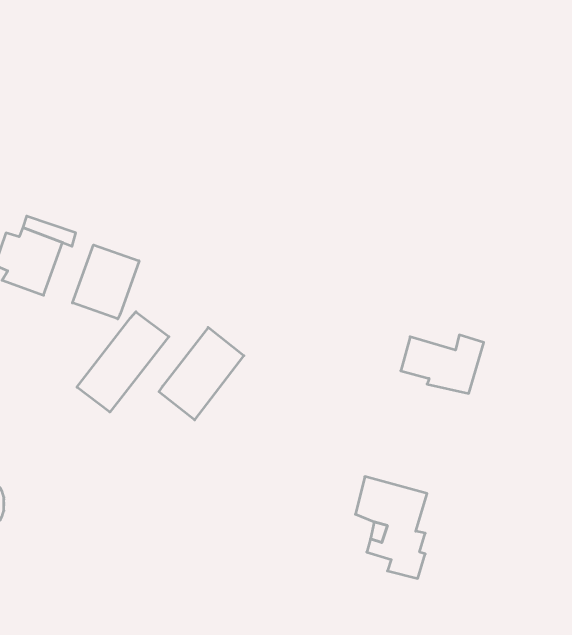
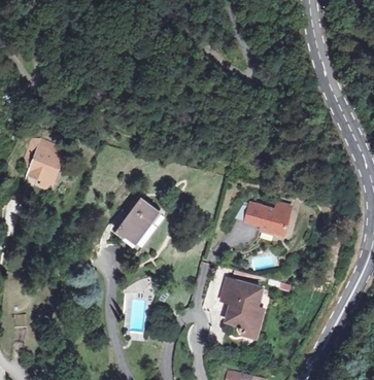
building: [72,245,139,319] -> none
building: [77,312,169,412] -> none

